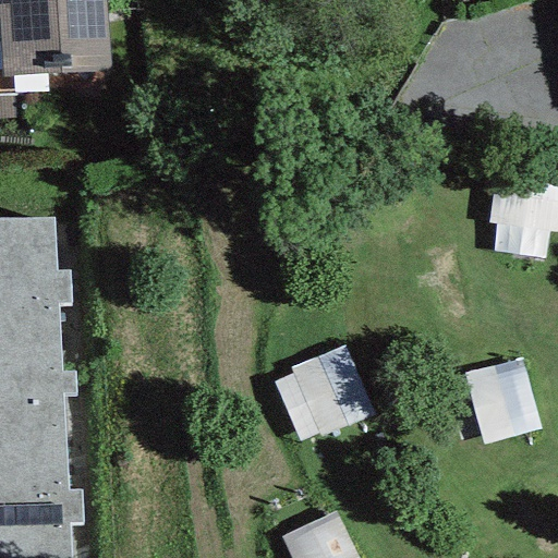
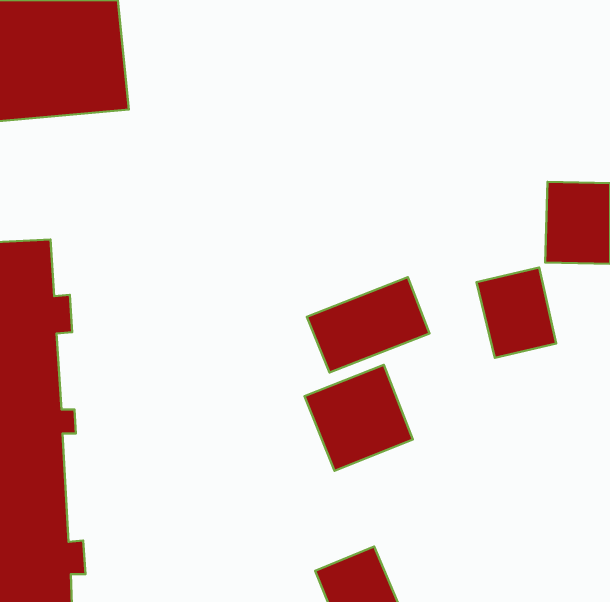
building: none -> [307,277,429,373]
building: [468,359,539,440] -> [477,268,556,358]

